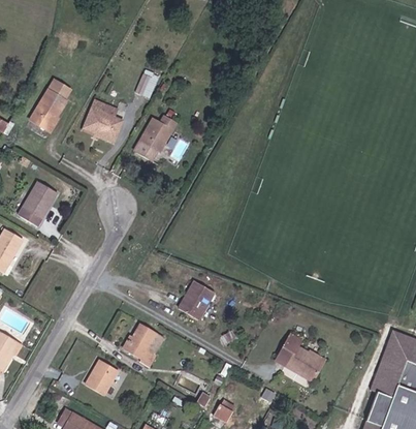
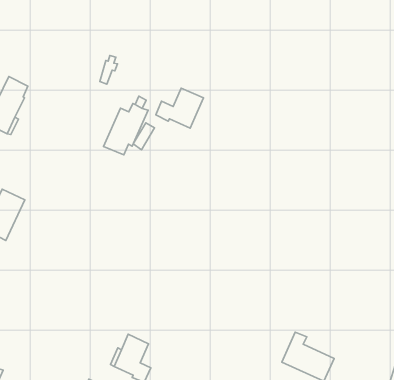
building: [83,100,122,141] -> none
building: none -> [156,88,204,128]
building: [179,279,214,319] -> none

